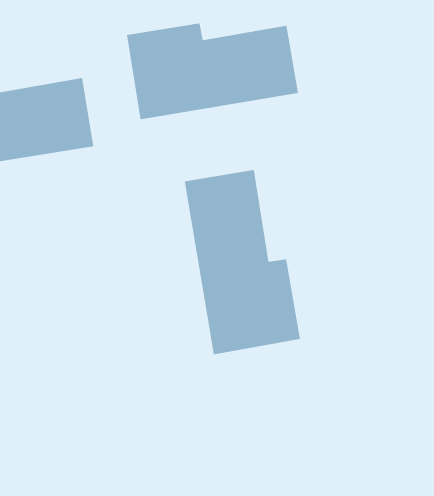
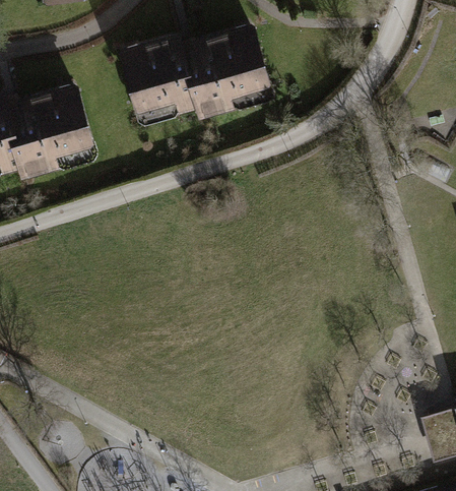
building: [184,169,300,355] -> none

